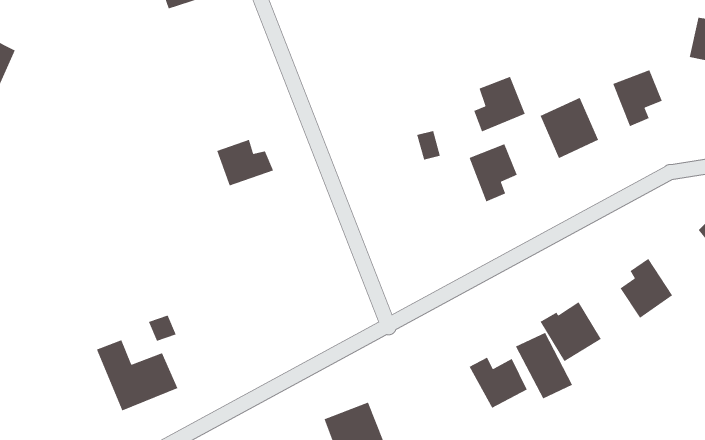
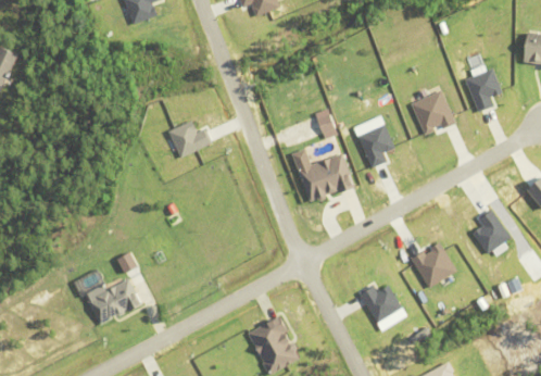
building: [473,76,526,132] -> none
building: none -> [298,152,355,203]
building: [515,332,573,399] -> none

